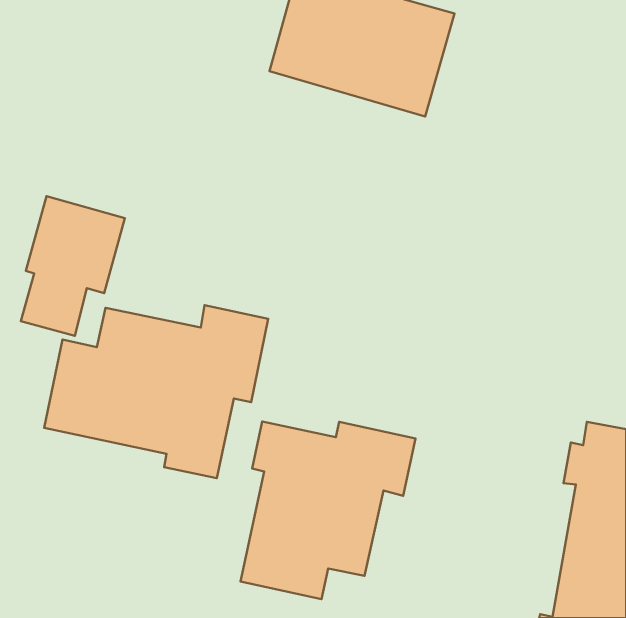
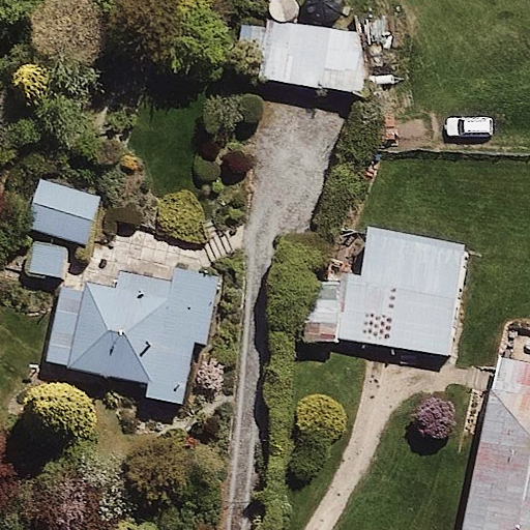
building: none -> [305,228,467,359]
building: [240,421,416,599] -> none

